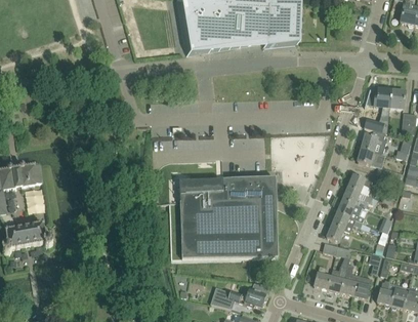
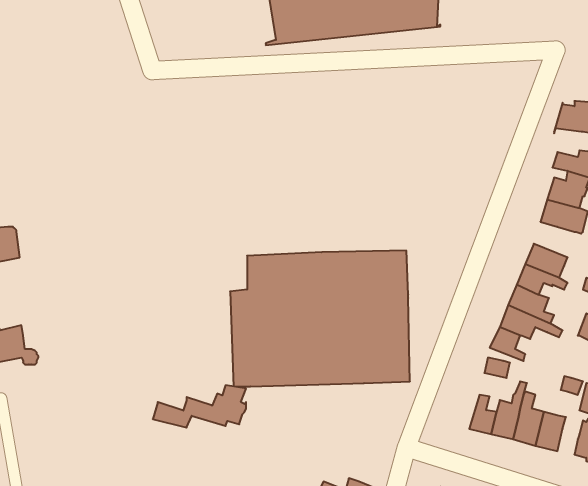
building: [210,282,266,308] -> [153,385,246,428]

